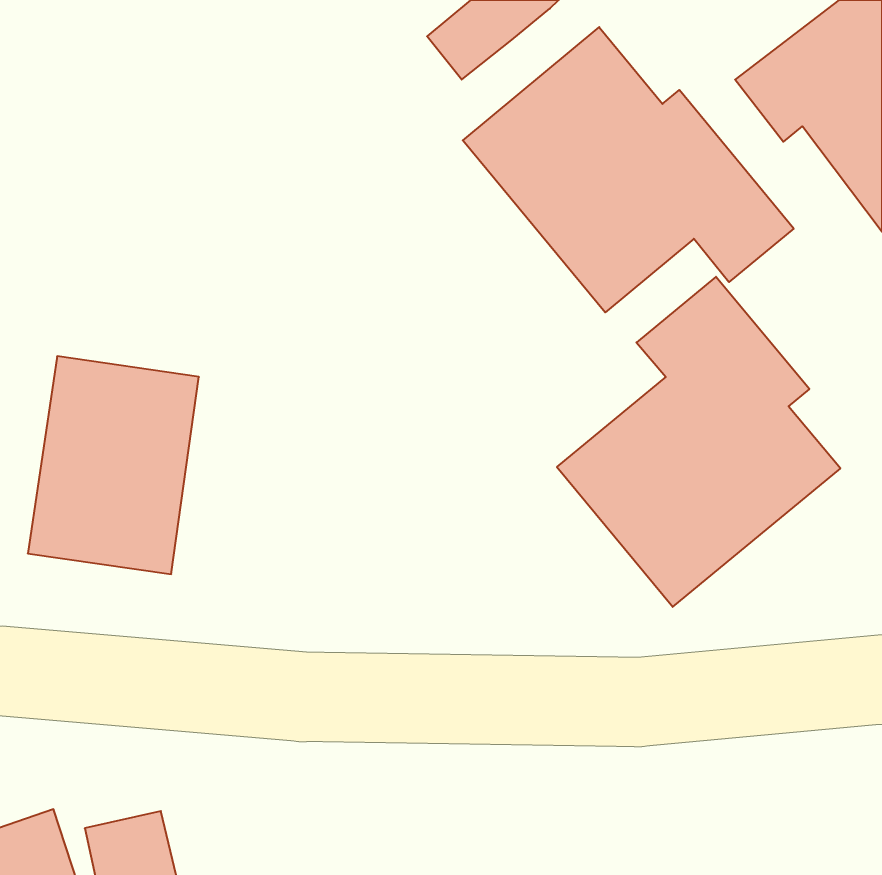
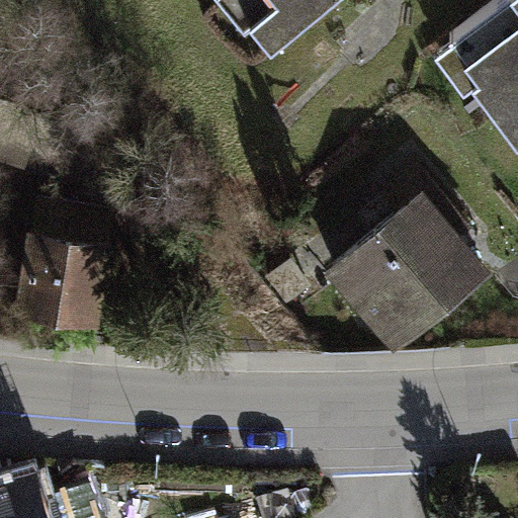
building: [463,27,794,312] -> none

